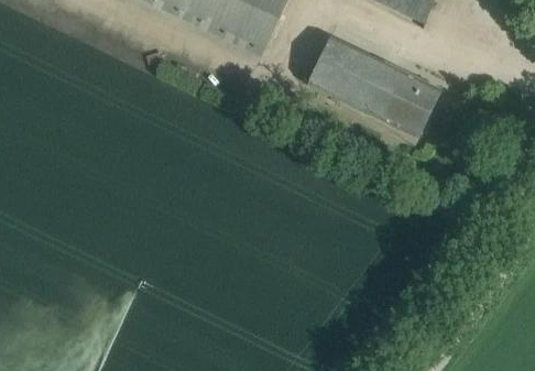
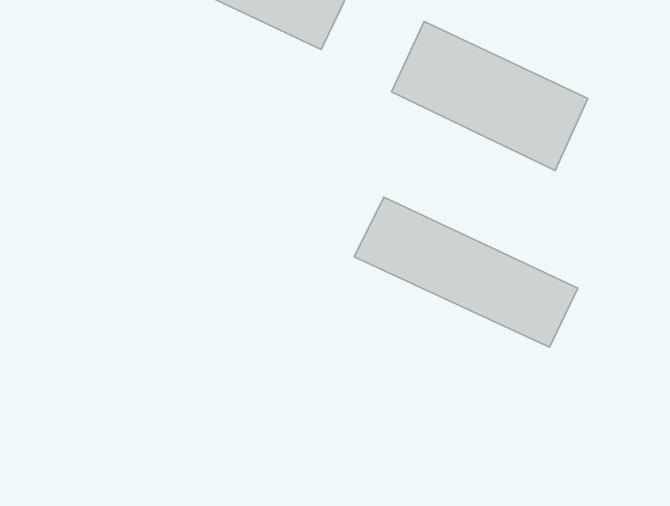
building: none -> [354,197,578,347]

